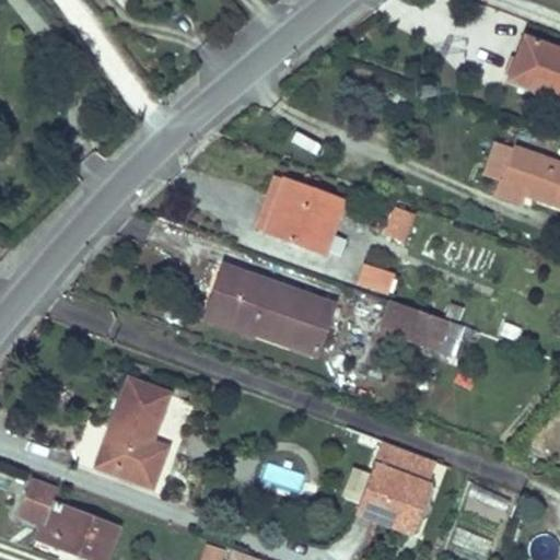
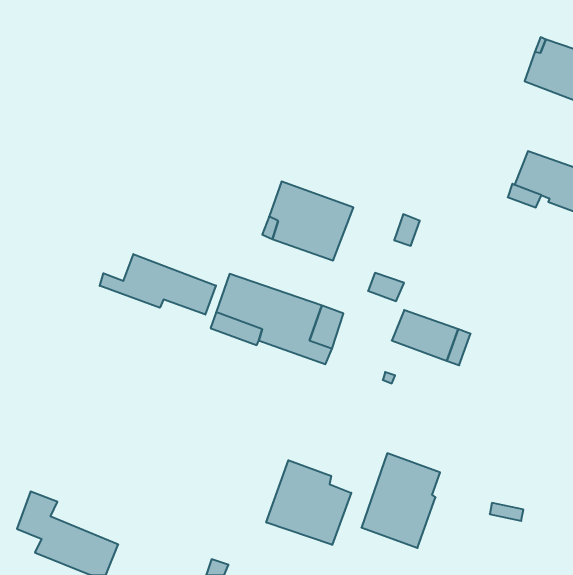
building: none -> [100,254,216,315]
building: [96,378,170,487] -> none
building: none -> [266,460,351,545]

